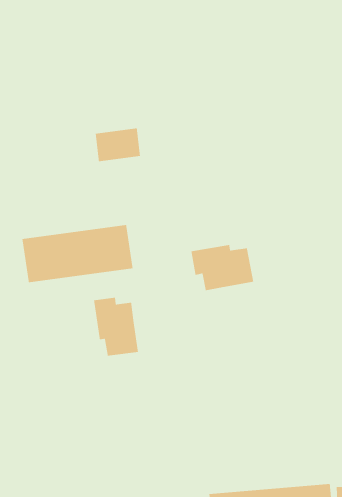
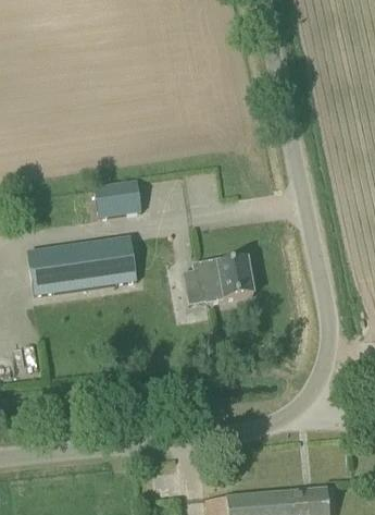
building: [95,128,141,162] -> [96,182,140,216]
building: [93,297,139,356] -> none

